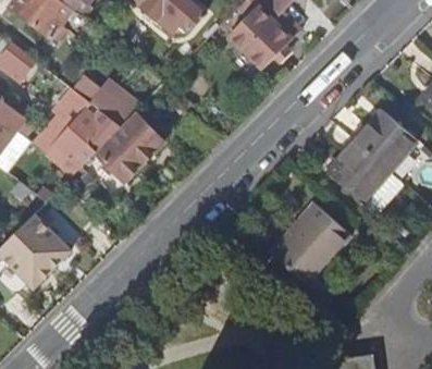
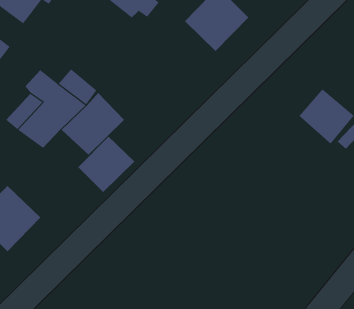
building: [328,139,391,202] -> none
building: none -> [78,136,135,193]
building: [262,204,349,290] -> none

